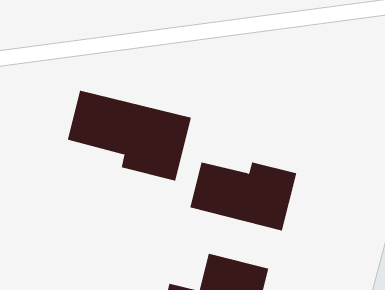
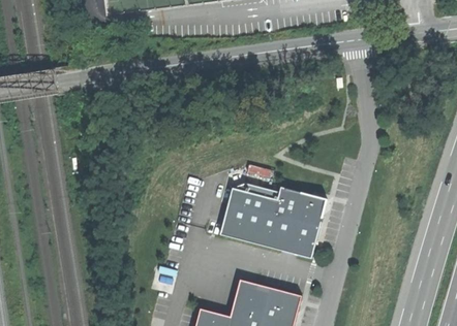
building: [67,90,192,182] -> none

